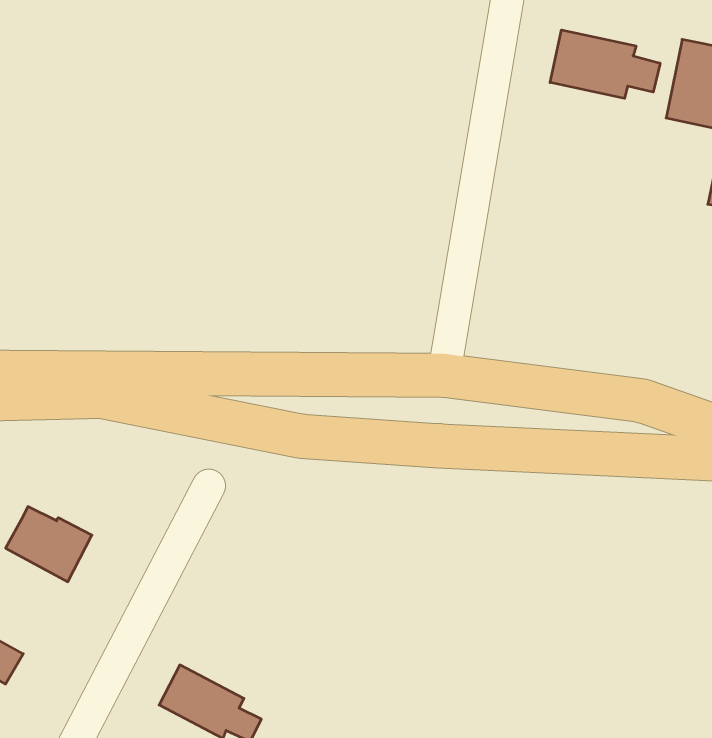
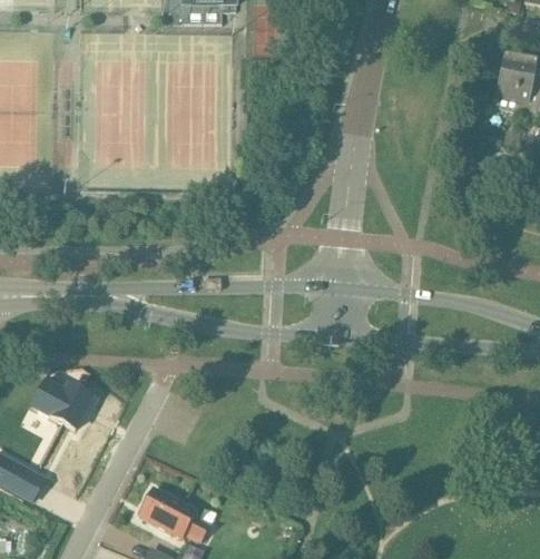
building: [550,30,660,98] -> none

